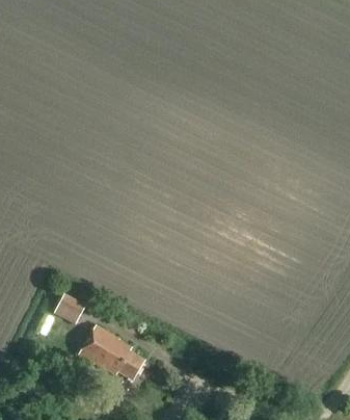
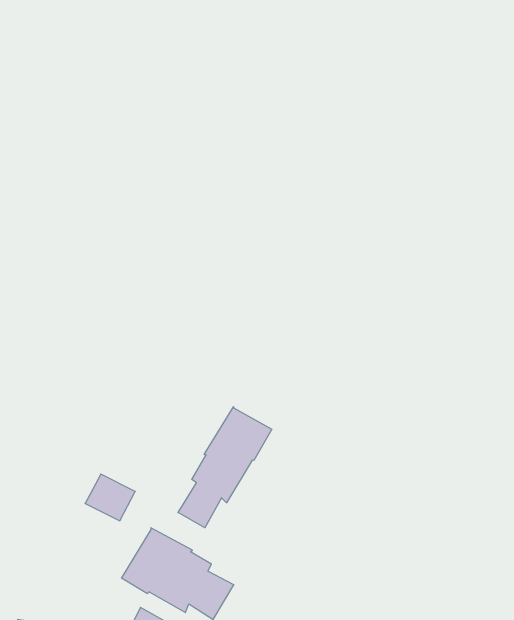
building: none -> [178,407,272,528]

